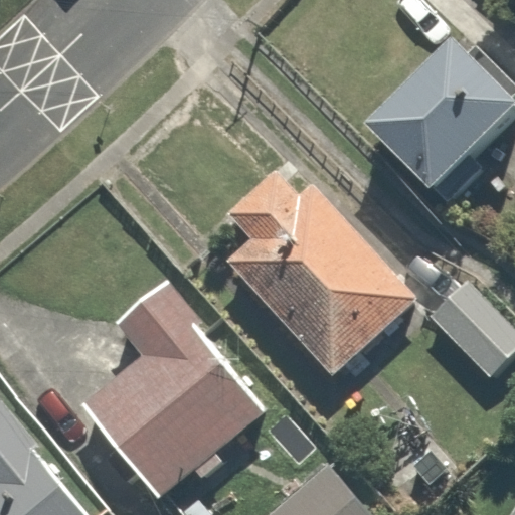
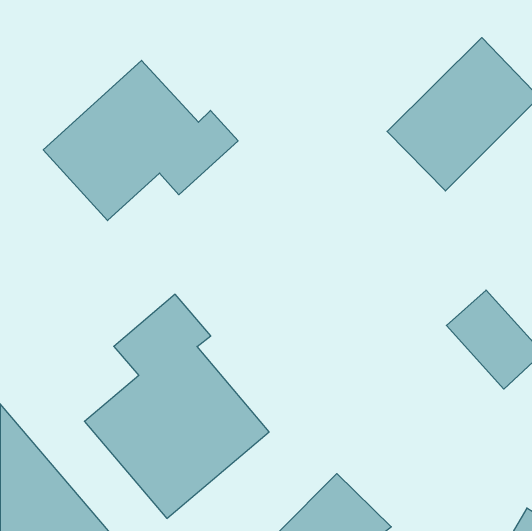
building: none -> [43,60,238,221]
building: [222,166,416,376] -> none

